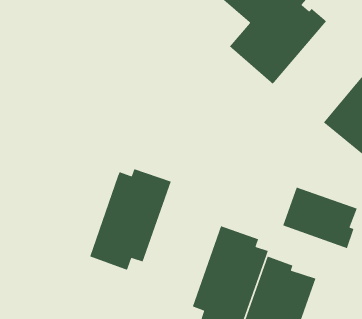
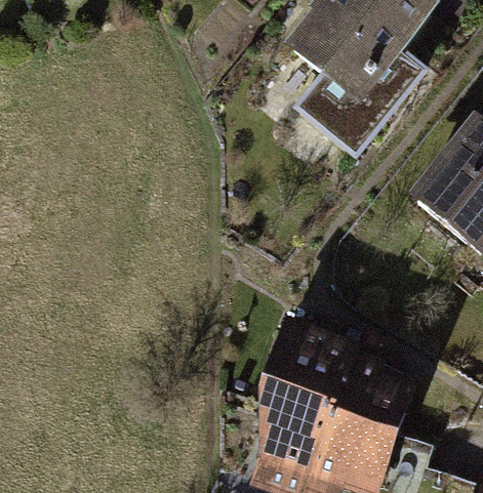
building: [89,168,172,271] -> none
building: [282,186,358,249] -> none

